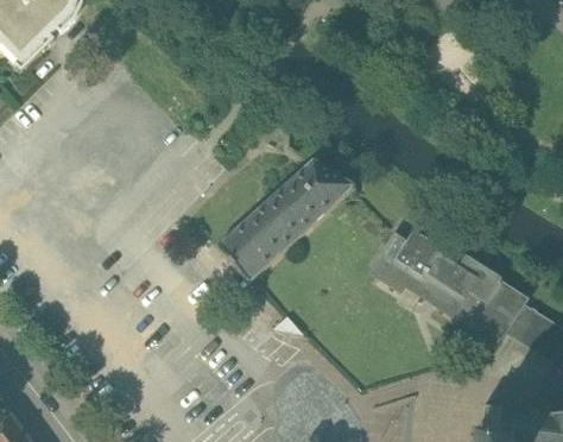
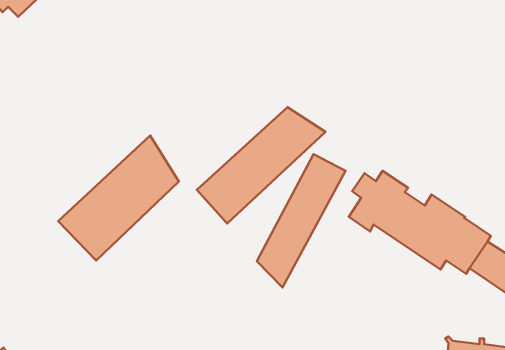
building: none -> [58,135,179,261]
building: none -> [257,154,345,288]

